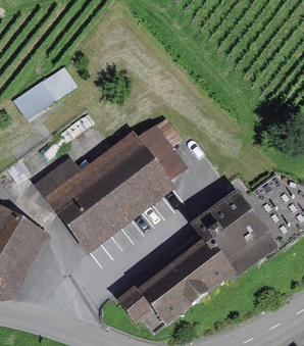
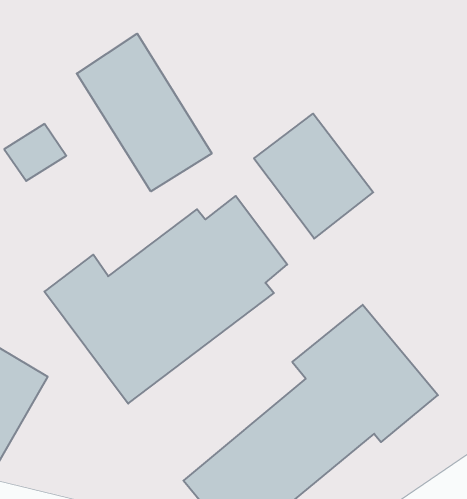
building: none -> [77,34,212,191]
building: none -> [254,114,373,239]

